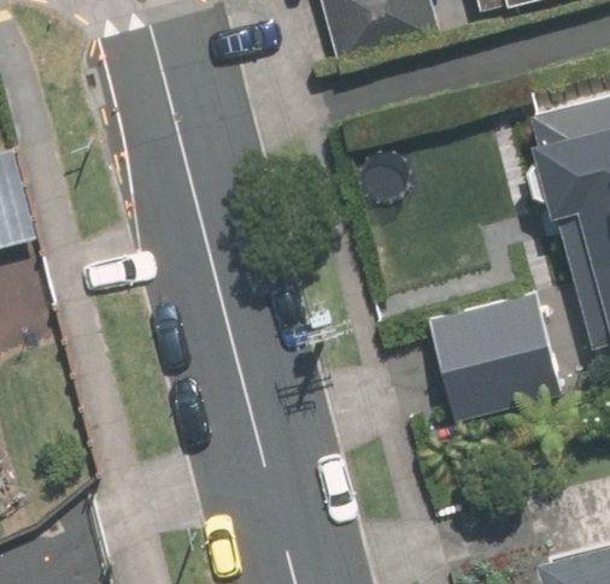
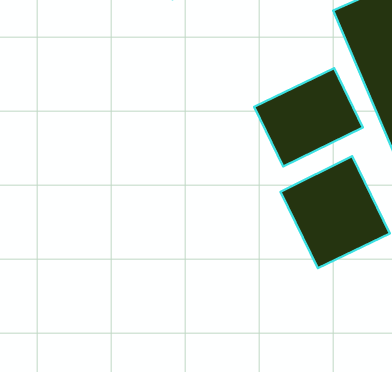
building: none -> [254,68,363,167]

